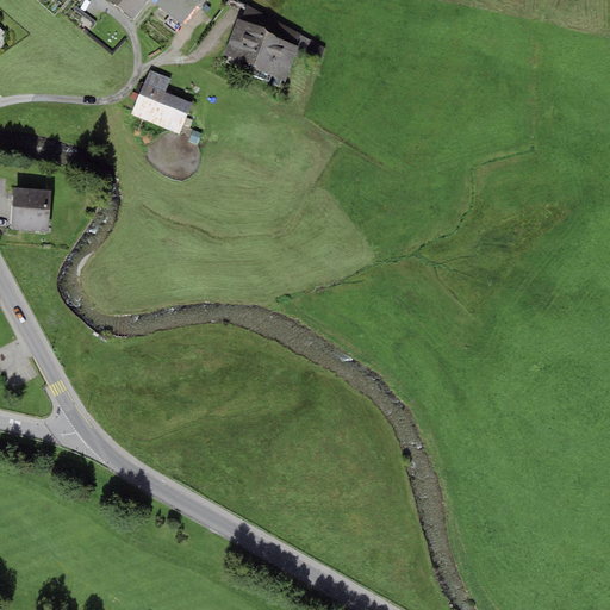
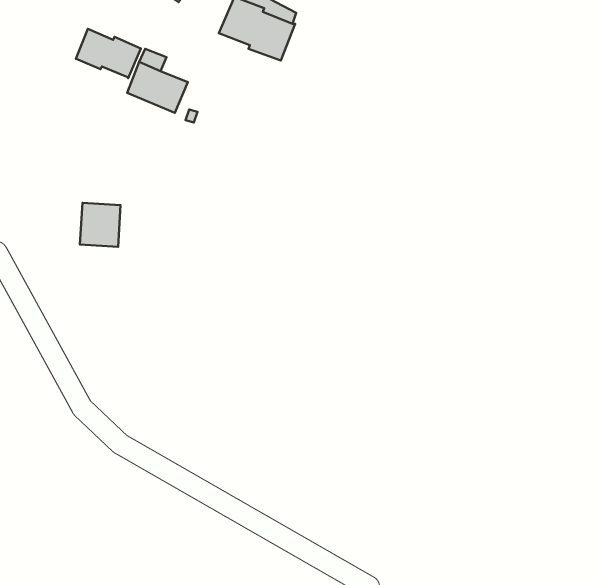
building: none -> [76,29,141,78]
building: [11,187,51,231] -> [80,203,120,247]

